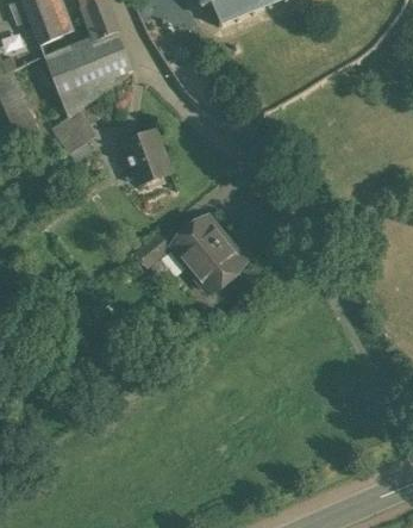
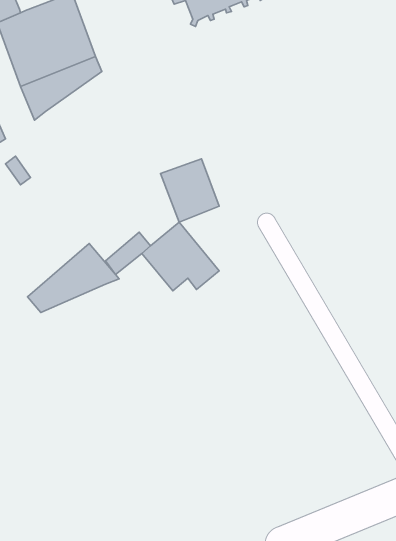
building: [52,108,95,153] -> none
building: [118,126,174,187] -> [160,159,219,222]
building: none -> [28,244,119,313]

